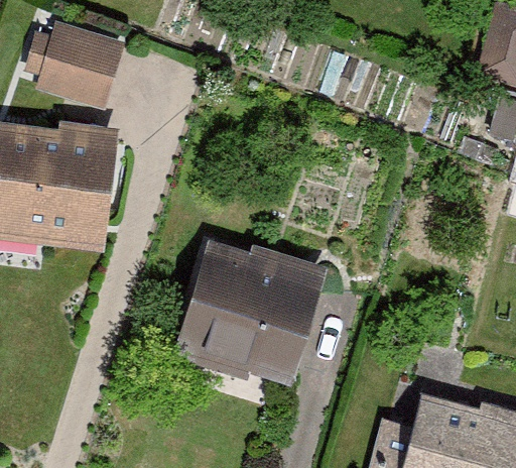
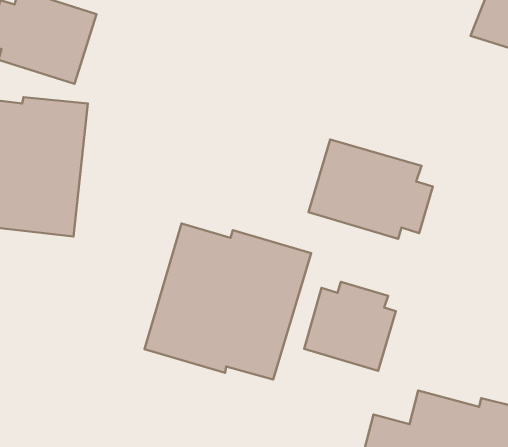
building: none -> [308,140,433,239]
building: none -> [304,282,396,371]

